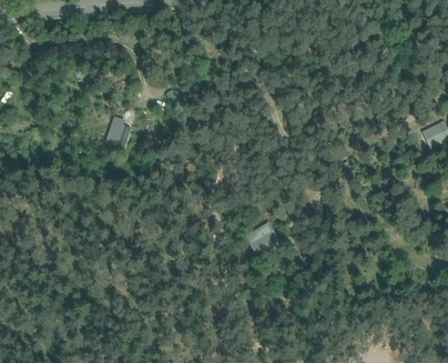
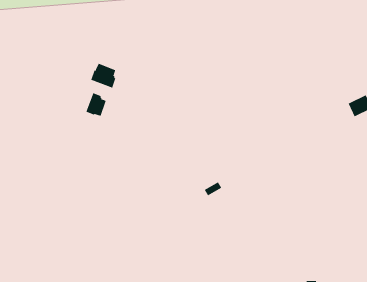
building: none -> [91,63,116,88]

